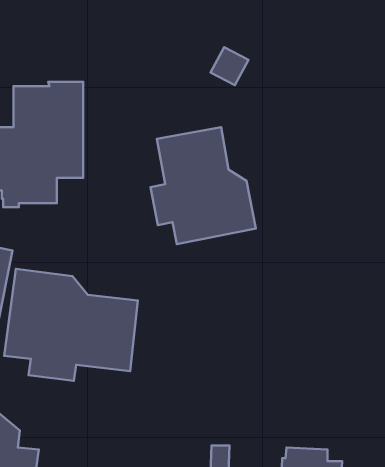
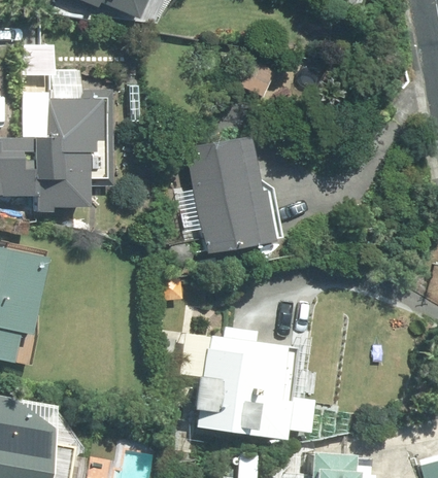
building: [4,269,138,381] -> none
building: none -> [194,331,313,441]

